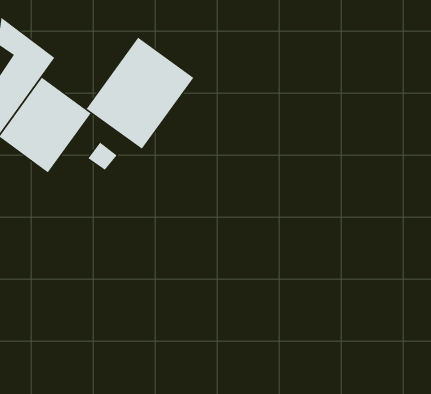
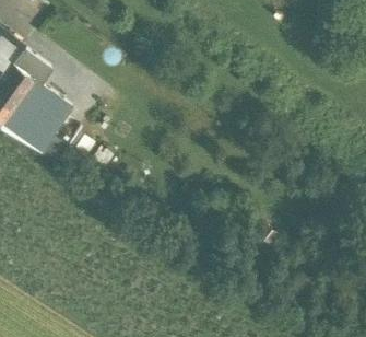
building: [86,37,194,150] -> none

